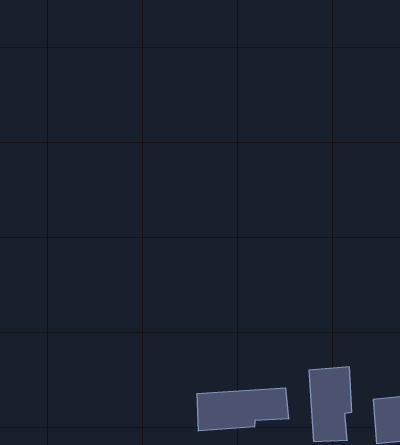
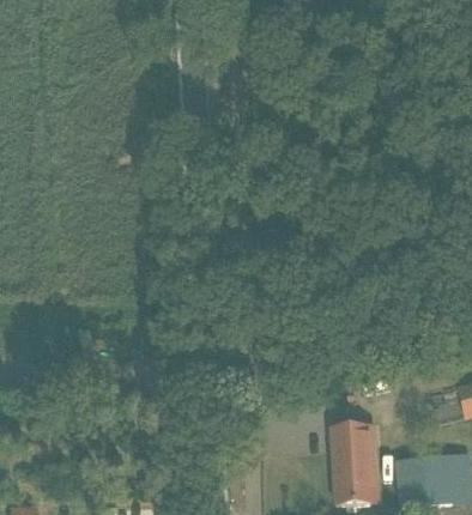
building: [197,388,289,431] -> none

